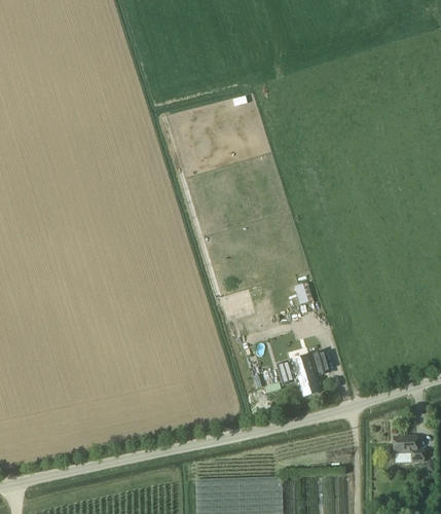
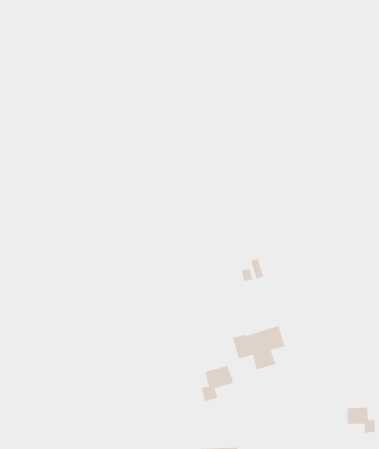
building: none -> [201,365,234,402]

